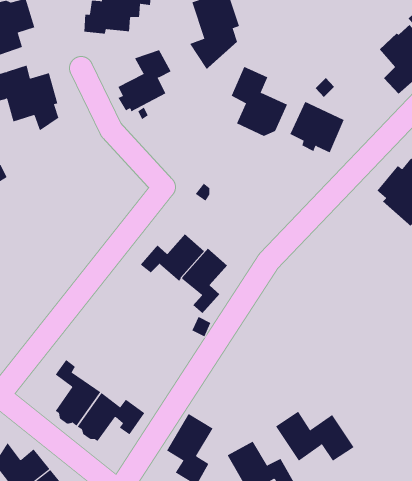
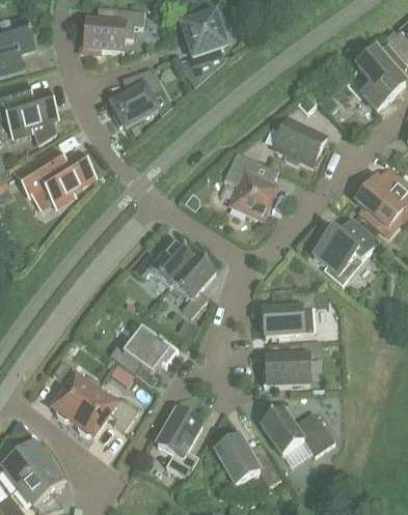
building: [231,66,288,137] -> [224,149,278,216]
building: none -> [17,147,93,204]
building: none -> [312,217,378,282]
building: none -> [260,288,316,334]
building: none -> [109,326,178,374]
building: none -> [263,341,309,384]

